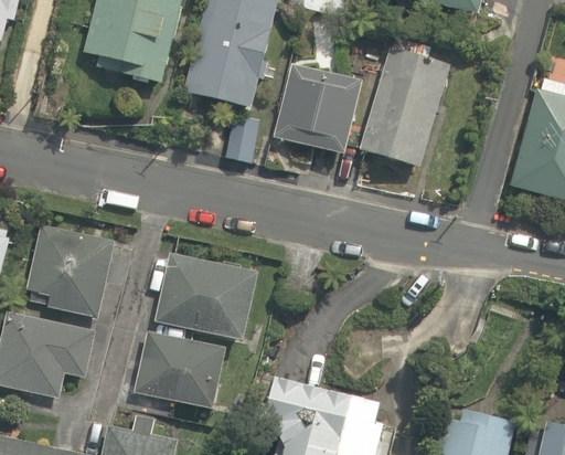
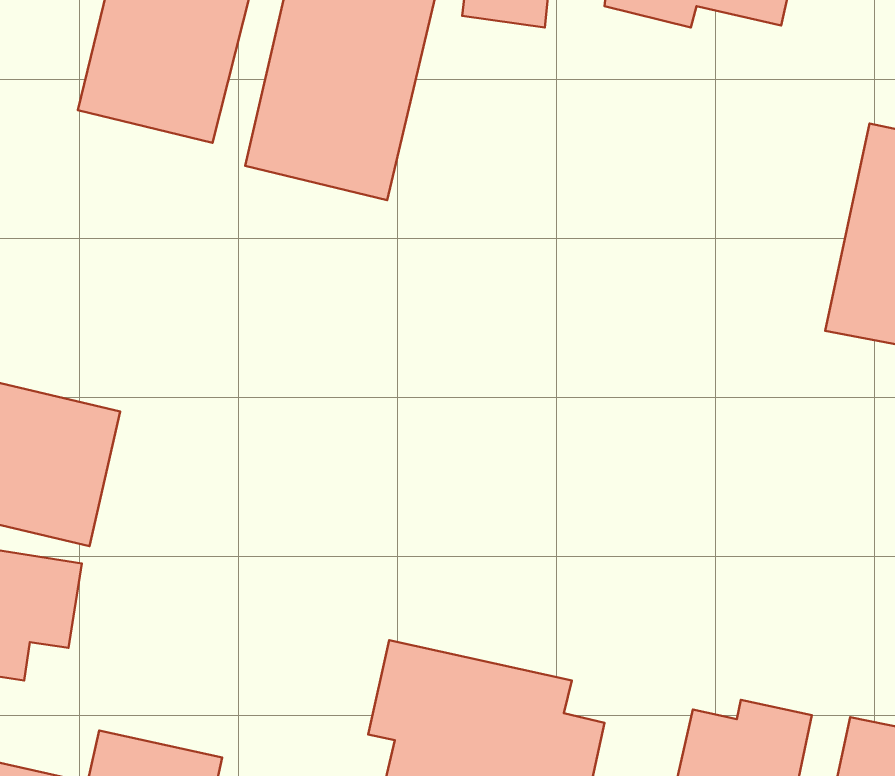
building: [369,55,469,174] -> none
building: [284,76,375,158] -> none
building: [154,250,249,339] -> none
building: [130,329,222,408] -> none

